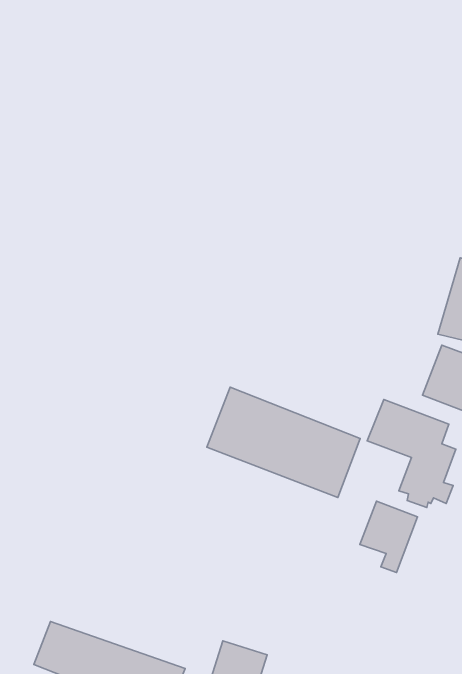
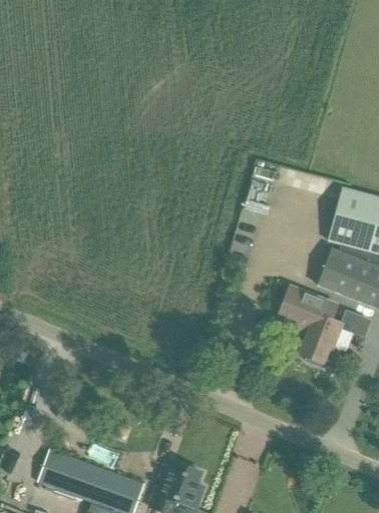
building: [207,387,360,497] -> none
building: [360,501,417,572] -> none

